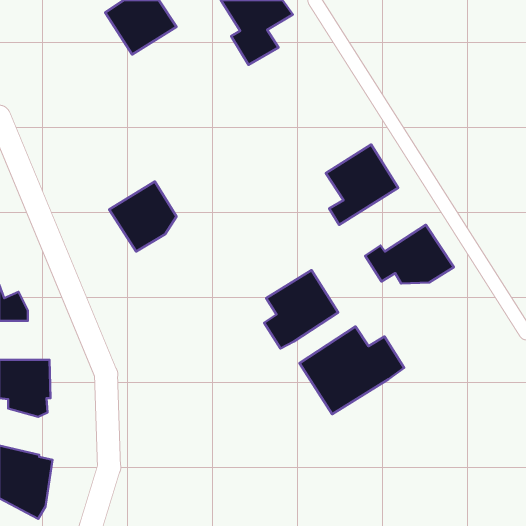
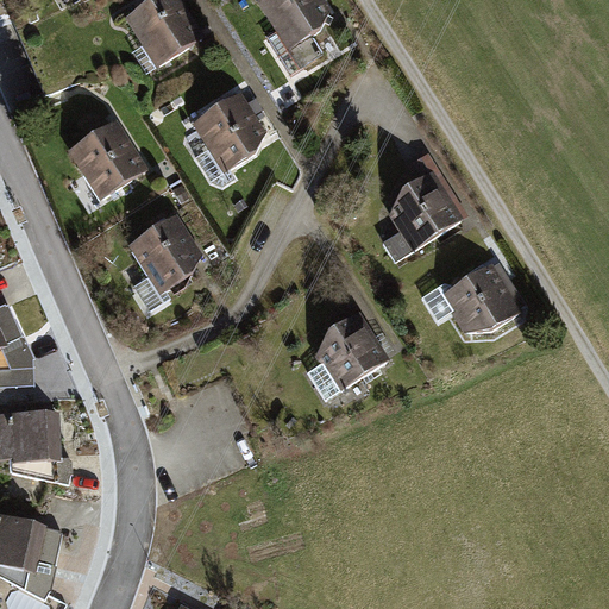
building: none -> [189,87,272,190]
building: none -> [67,115,149,196]
building: [300,326,404,414] -> none

